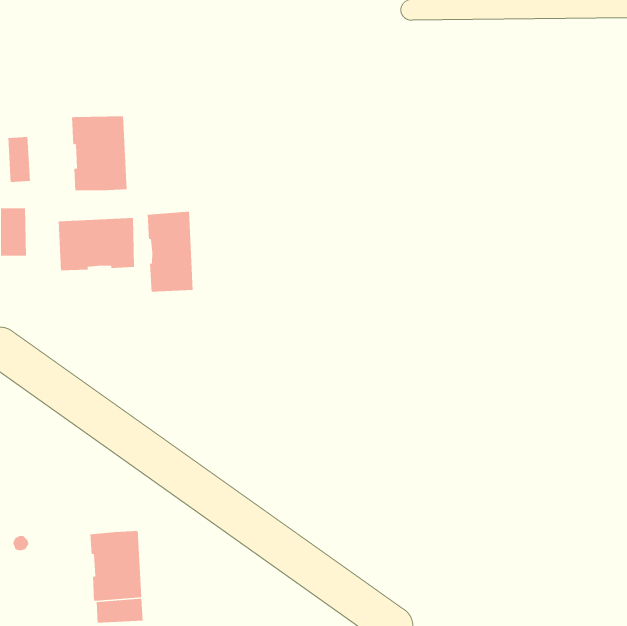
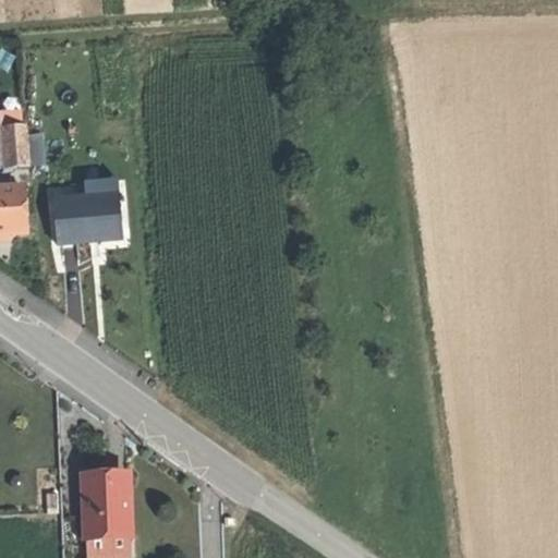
building: [71,115,128,191] -> none
building: [147,211,194,293] -> none

